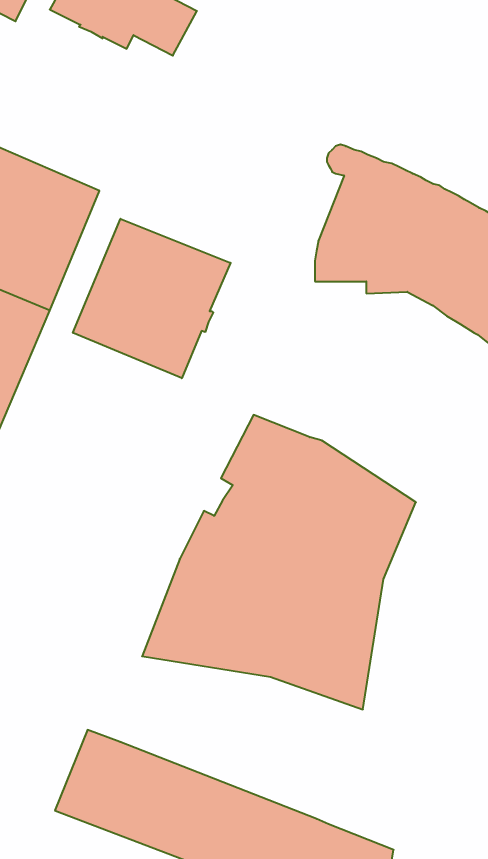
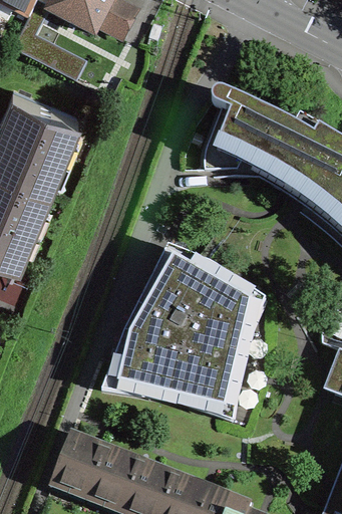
building: [73,219,231,378] -> none

